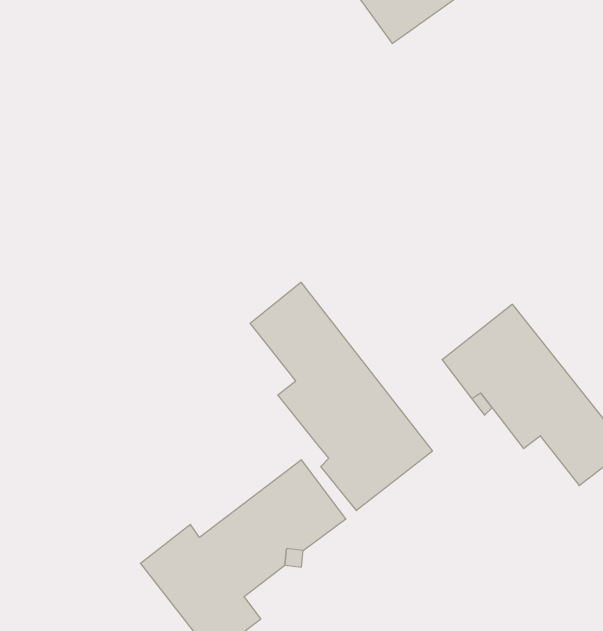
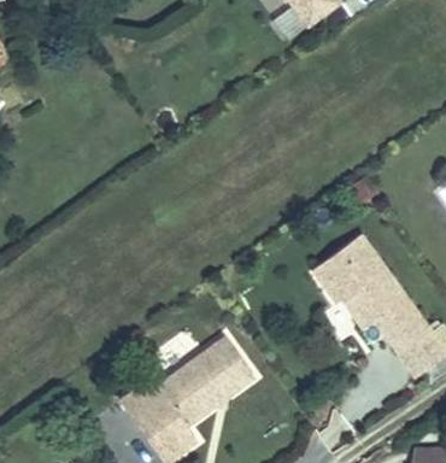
building: [250,282,432,511] -> none

